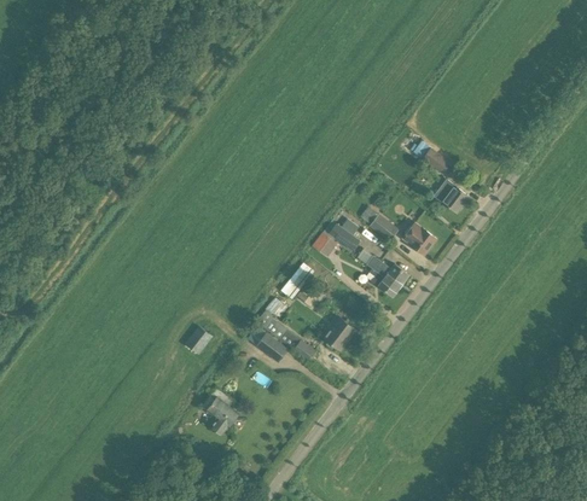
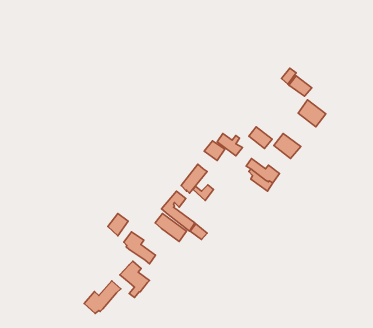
building: [322,316,356,350] -> none
building: none -> [124,232,156,264]
building: none -> [84,281,121,313]

